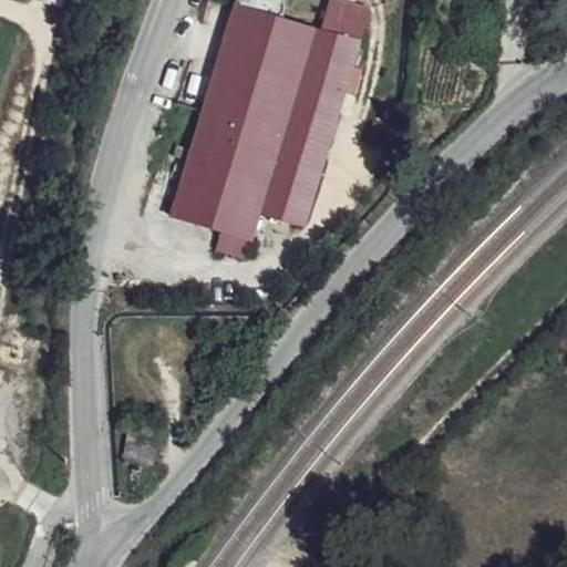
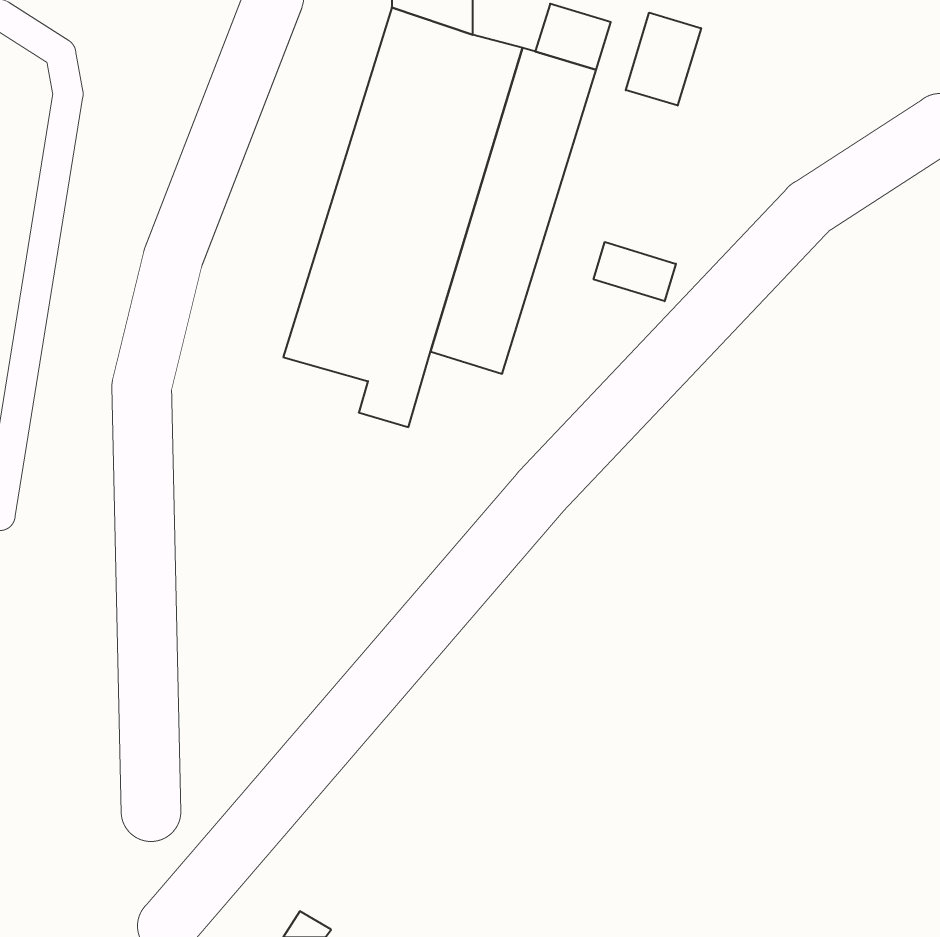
building: none -> [626,13,701,106]
building: none -> [594,242,676,301]

